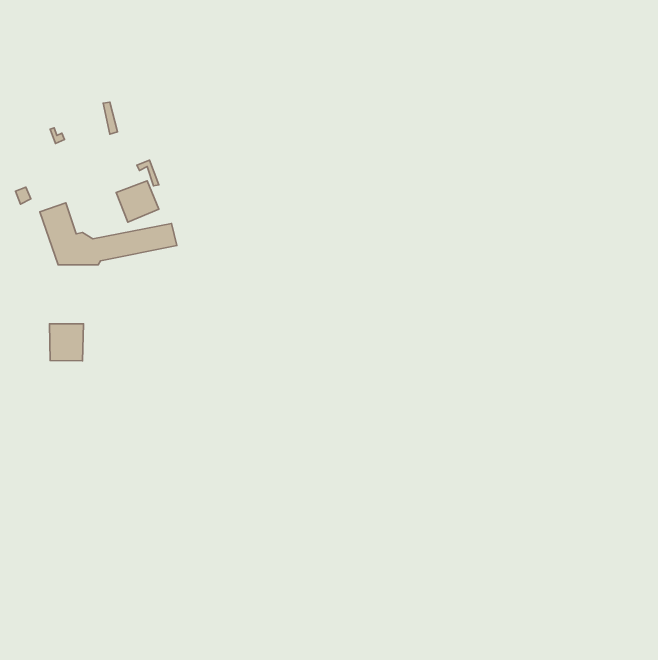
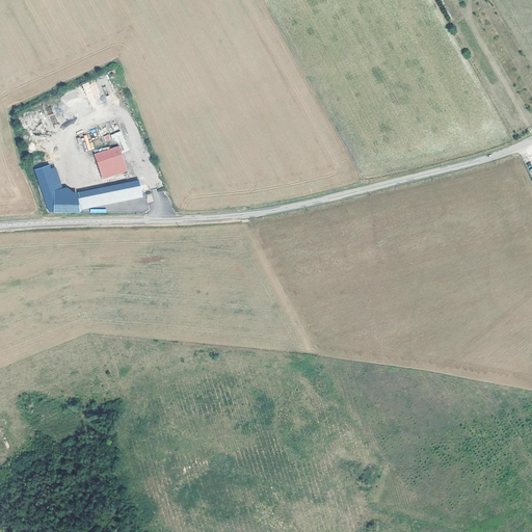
building: [50,324,83,361] -> none

